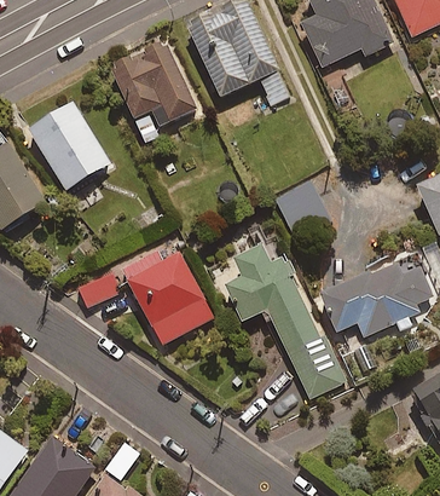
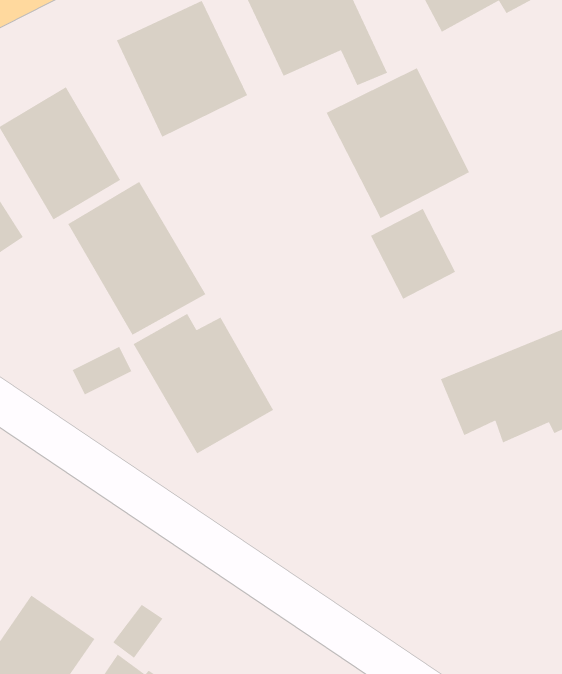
building: none -> [325,67,470,219]
building: none -> [67,181,206,336]
building: [224,247,346,396] -> none

